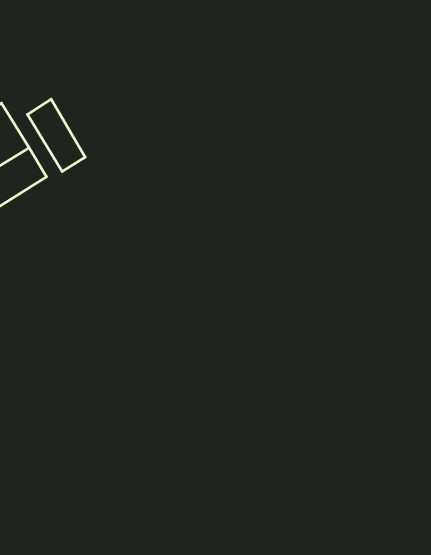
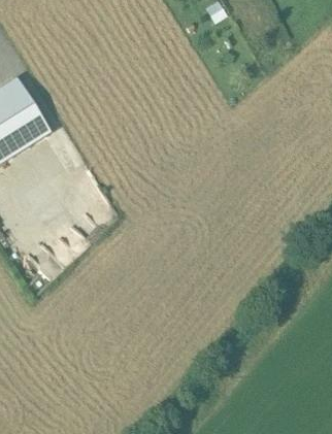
building: [28,99,85,171] -> none

